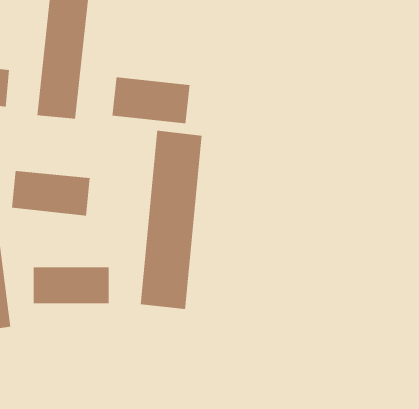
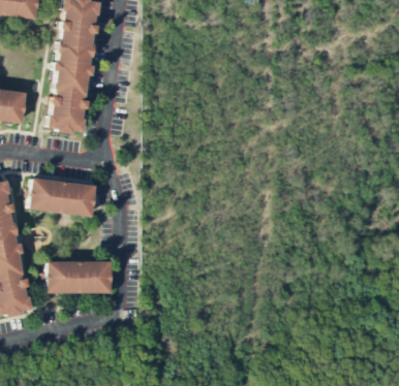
building: [112,76,190,124] -> none
building: [140,130,202,310] -> none

